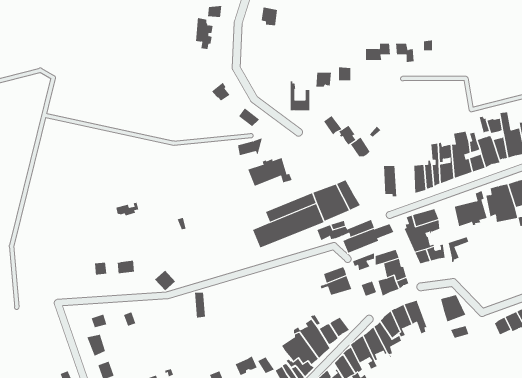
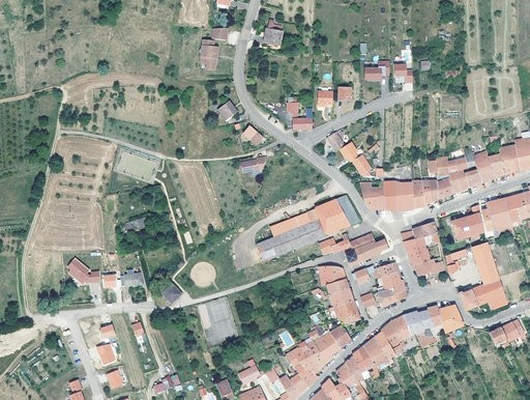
building: [247,157,292,187] -> none
building: none -> [359,181,384,209]
building: none -> [394,181,413,211]
building: none -> [458,242,506,311]
building: none -> [69,258,100,284]
building: none -> [317,266,345,287]
building: none -> [328,301,359,325]
building: none -> [416,306,441,344]

